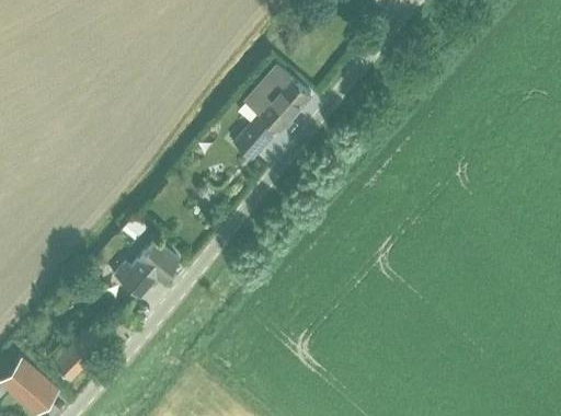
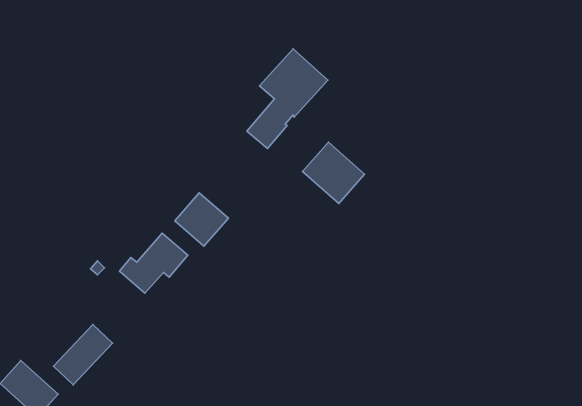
building: none -> [303,142,365,203]
building: none -> [175,193,228,246]

